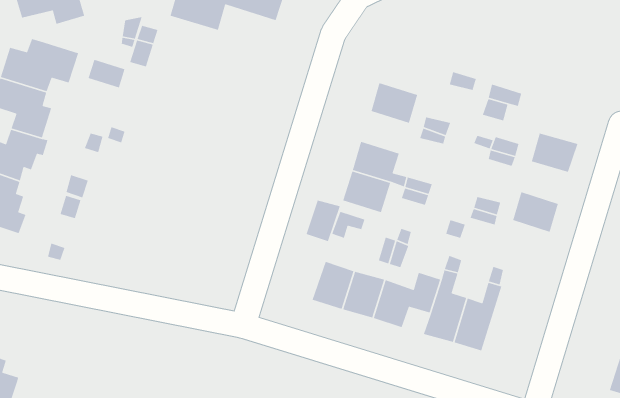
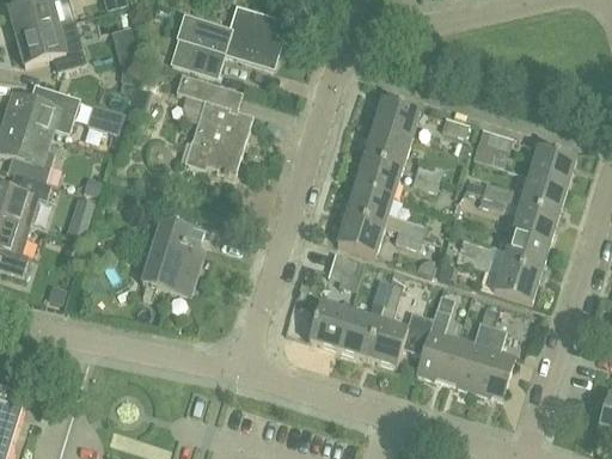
building: none -> [175,73,252,175]
building: none -> [372,97,420,139]
building: none -> [528,146,575,186]
building: none -> [354,155,402,196]
building: none -> [510,204,557,245]
building: none -> [140,216,203,296]
building: [306,199,341,242] -> none
building: none -> [492,262,539,302]
building: none -> [472,325,515,399]

